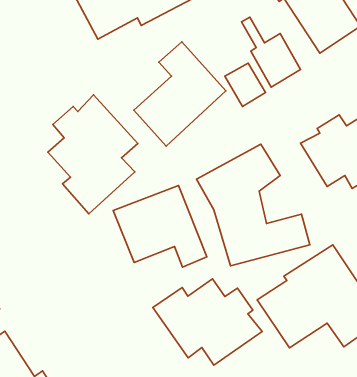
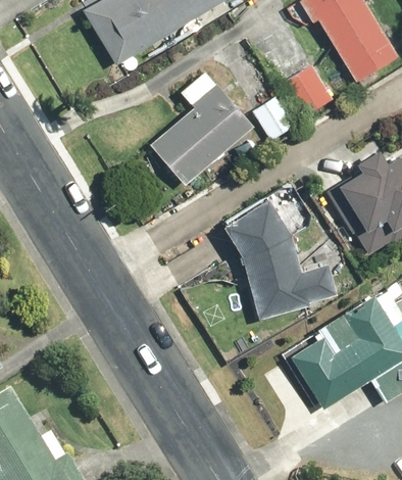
building: [48,95,138,214] -> none
building: [113,186,207,267] -> none
building: [153,279,262,365] -> none

